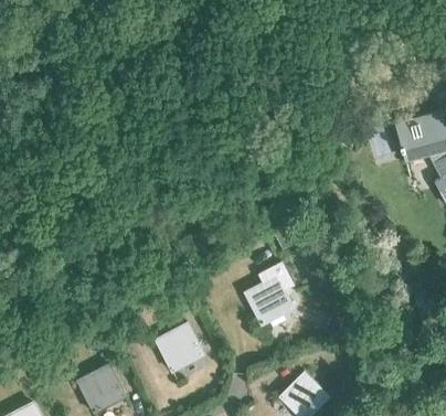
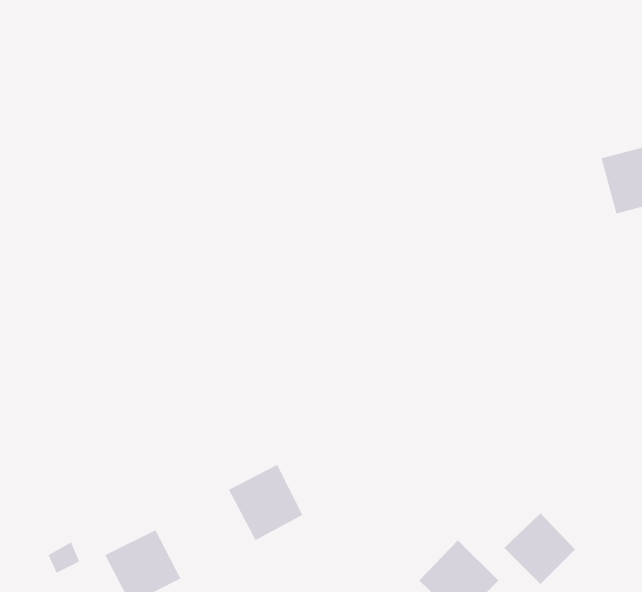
building: [245,263,294,324] -> none
building: none -> [504,512,576,585]

